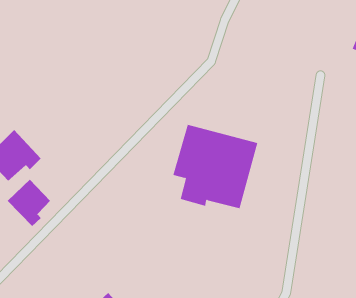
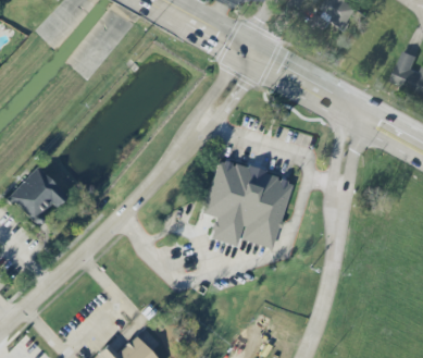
building: [7,179,51,227] -> none

